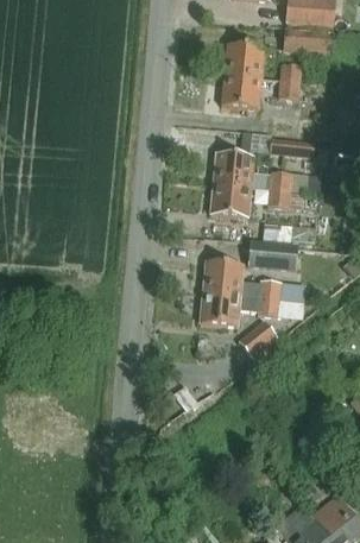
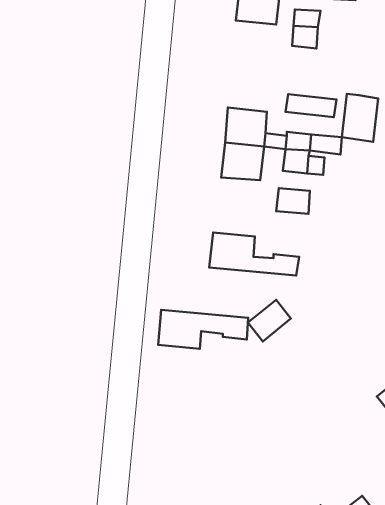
building: [223,72,261,106] -> none
building: none -> [342,94,378,142]
building: [246,242,296,271] -> none
building: [200,291,279,326] -> [158,310,248,349]

